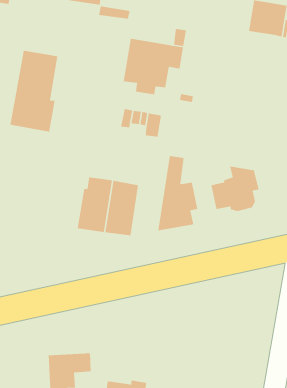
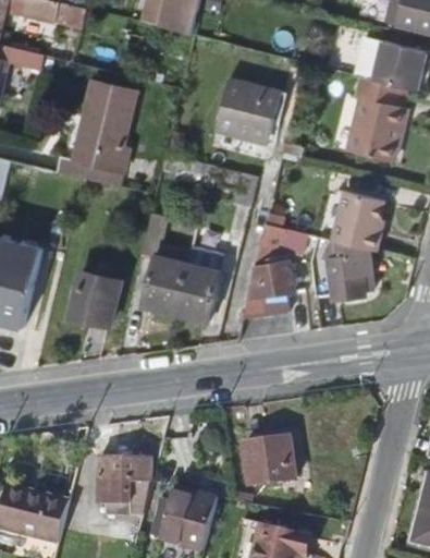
building: none -> [348,76,404,161]
building: none -> [332,193,383,253]
building: none -> [71,270,121,325]
building: none -> [243,439,295,486]

